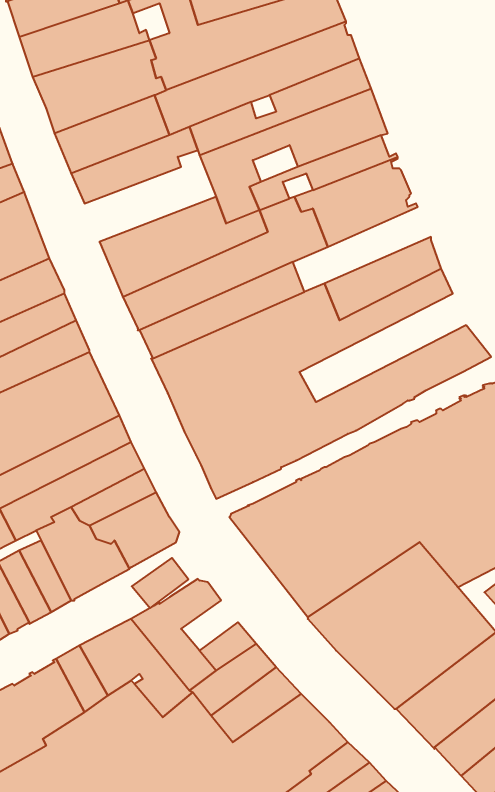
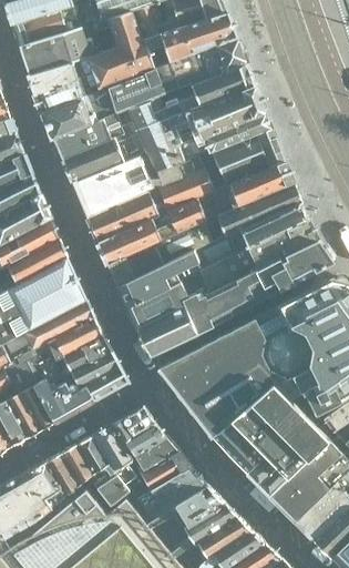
building: none -> [62,125,150,186]
building: none -> [201,163,292,220]
building: none -> [205,221,316,293]
building: [132,558,188,608] -> [126,425,164,458]

